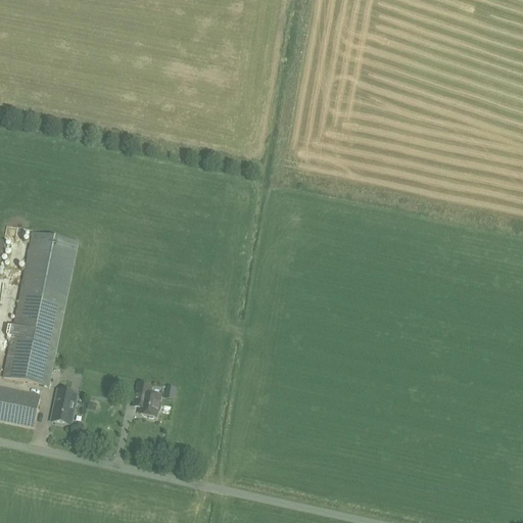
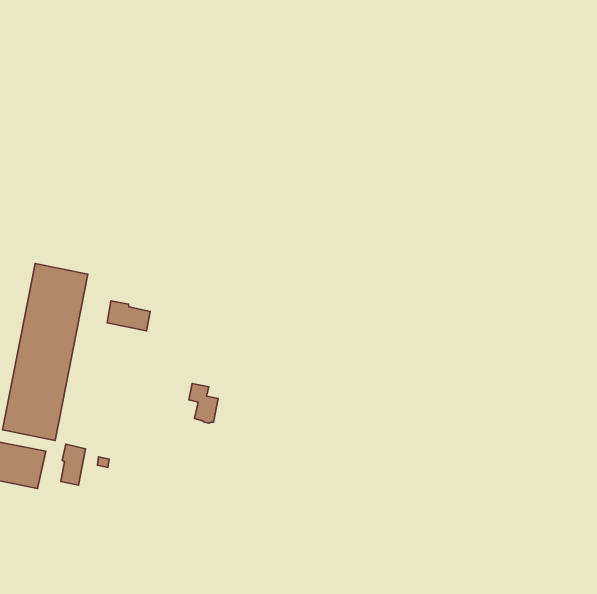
building: none -> [107,301,150,331]
building: [133,381,158,416] -> [189,383,218,423]

